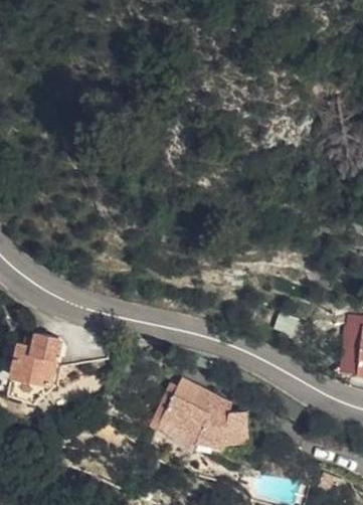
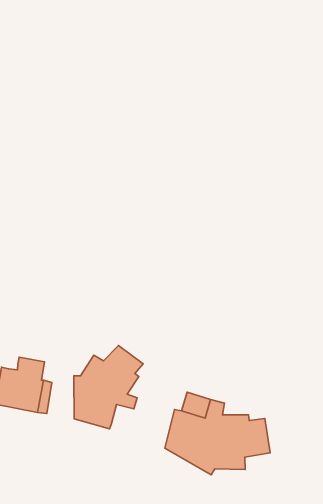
building: none -> [74,345,143,429]

